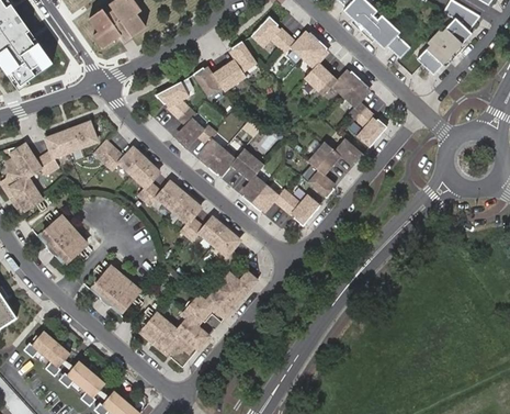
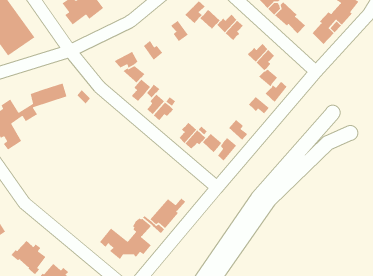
building: [213,57,246,89] -> none
building: [304,63,338,97] -> none
building: [95,143,236,270] -> none
building: [306,143,339,176] -> none
building: [231,147,264,180] -> none
building: [35,216,83,264] -> none
building: [89,266,136,313] -> none

